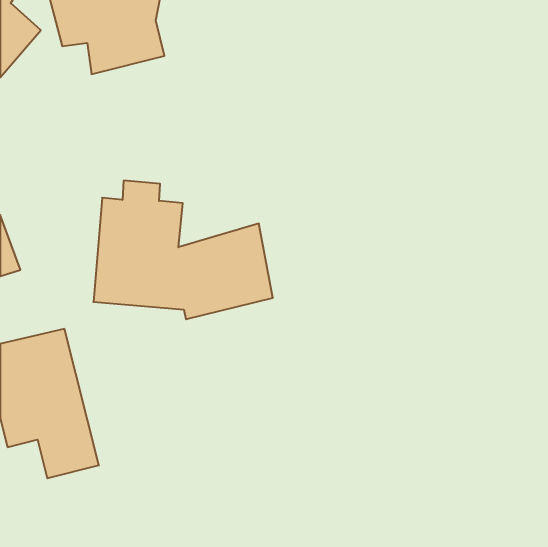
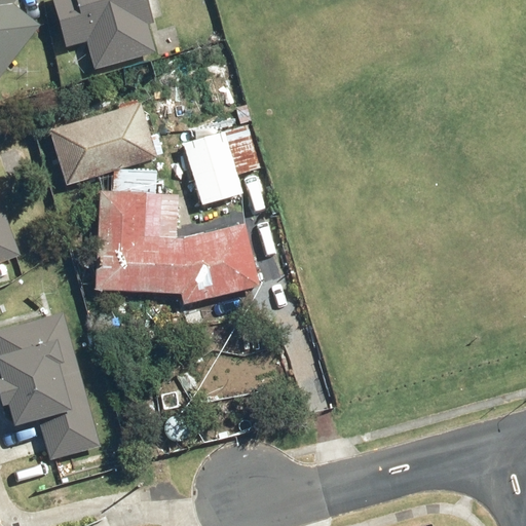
building: none -> [41,101,154,188]
building: none -> [181,122,260,204]

